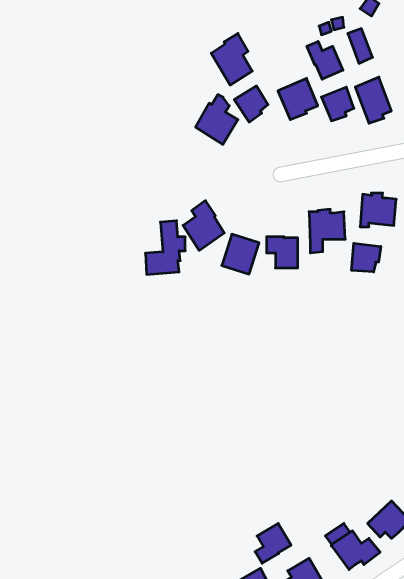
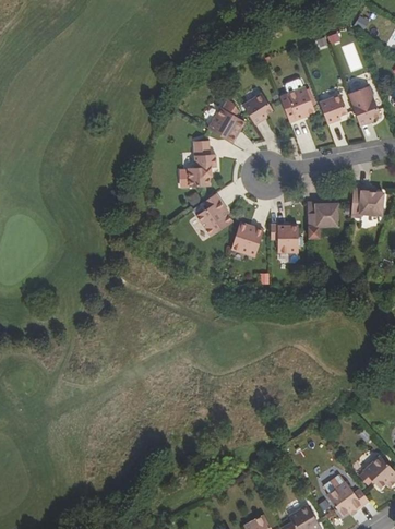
building: [211,33,252,85] -> none
building: [307,41,343,79] -> none
building: [145,221,185,274] -> [181,141,216,188]
building: [352,243,381,272] -> none
building: [255,523,291,563] -> none

